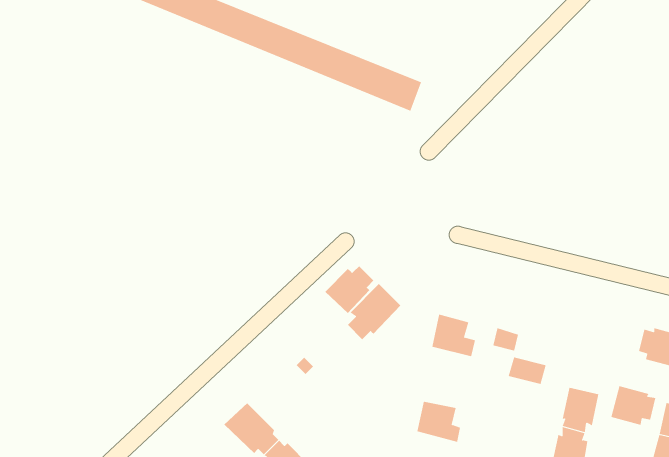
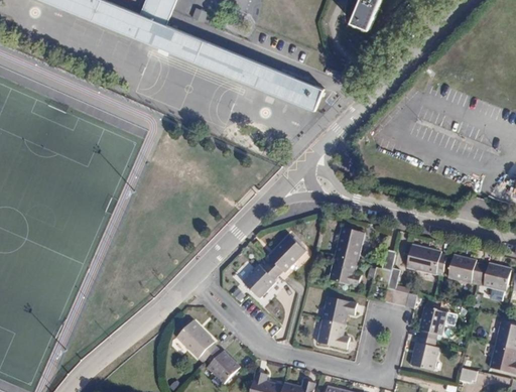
building: [324,265,374,314] -> [241,265,277,300]
building: none -> [333,231,361,263]
building: none -> [404,249,440,279]
building: none -> [321,297,357,325]
building: [611,385,656,426] -> [448,259,482,288]

